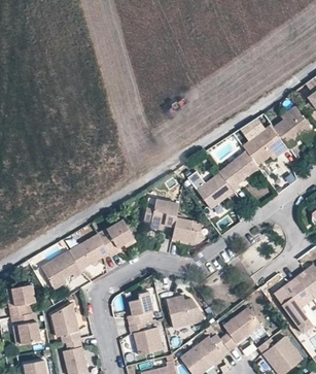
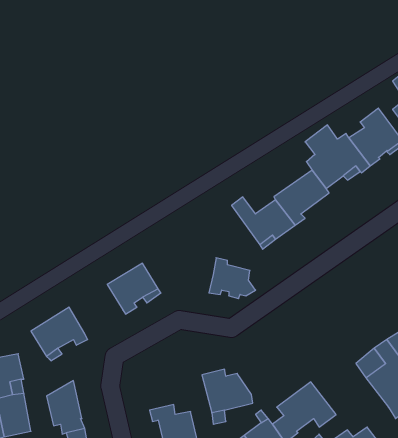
building: [143,199,177,227] -> none
building: [68,234,107,270] -> none
building: [125,292,151,326] -> none

